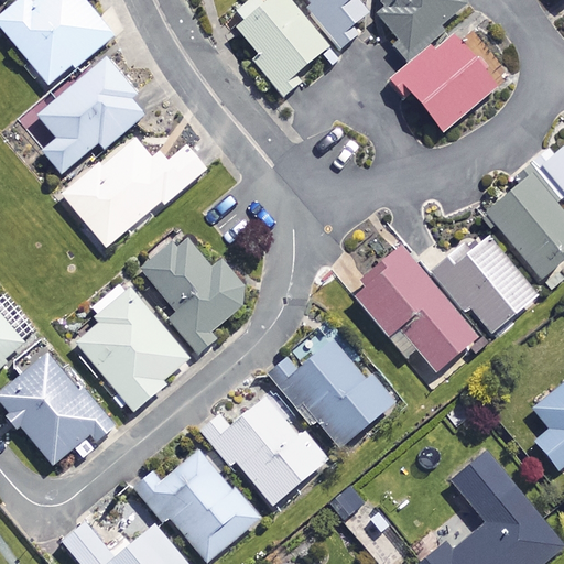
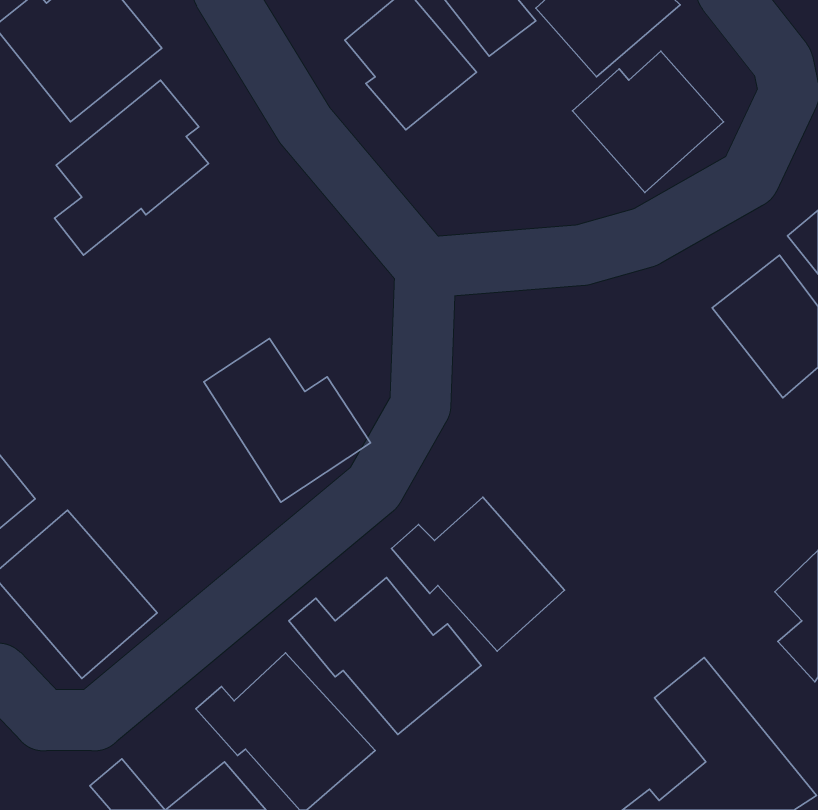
building: [64,138,206,248] -> none
building: [433,239,535,335] -> none
building: [351,249,475,372] -> none
building: [77,286,187,410] -> none

